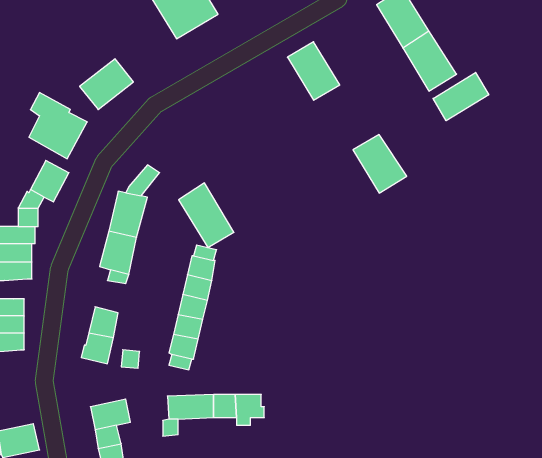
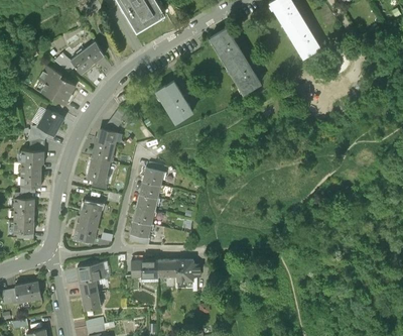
building: [433,72,489,121] -> none
building: [353,135,407,193] -> [226,58,261,96]
building: [179,183,234,248] -> [155,81,191,123]

